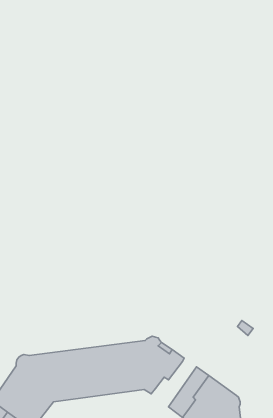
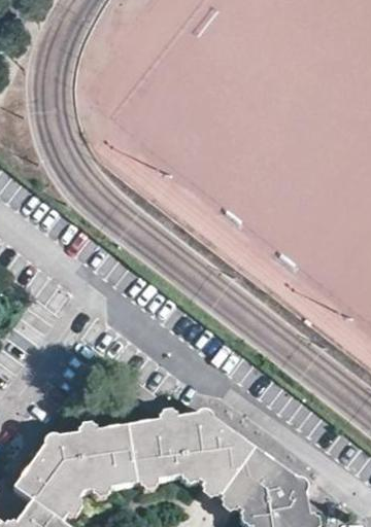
building: none -> [201,438,255,496]

